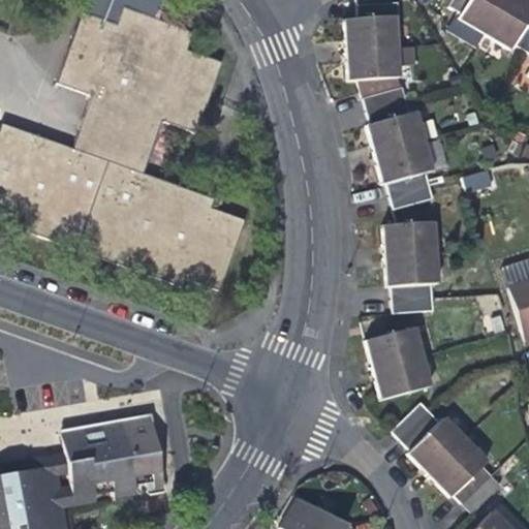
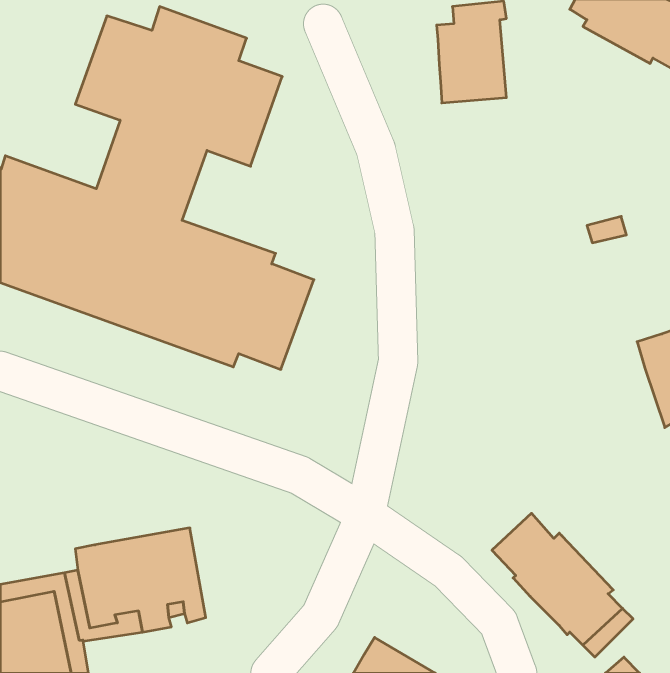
building: [363,87,435,209] -> none
building: [384,222,438,313] -> none
building: [368,331,429,401] -> none

